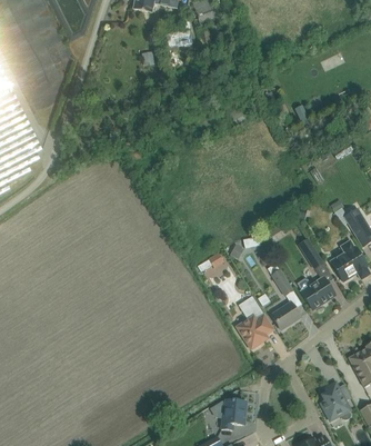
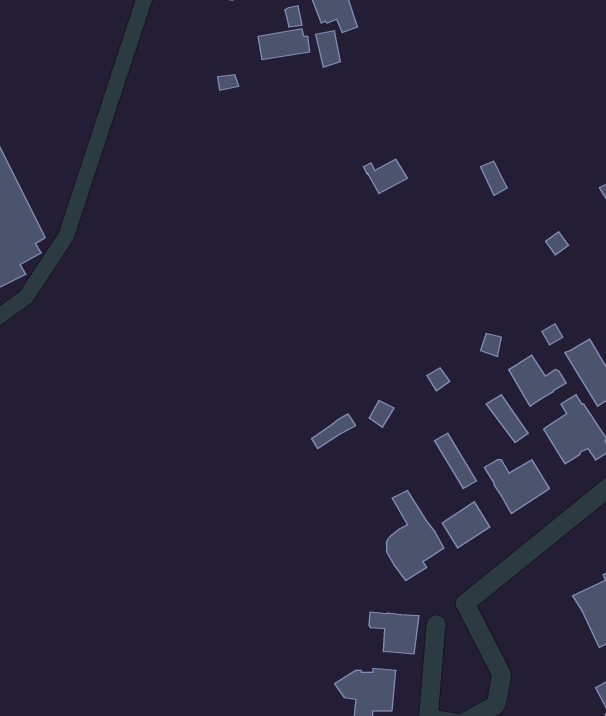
building: none -> [509,355,566,406]
building: none -> [369,612,419,654]
building: [320,381,351,420] -> none

